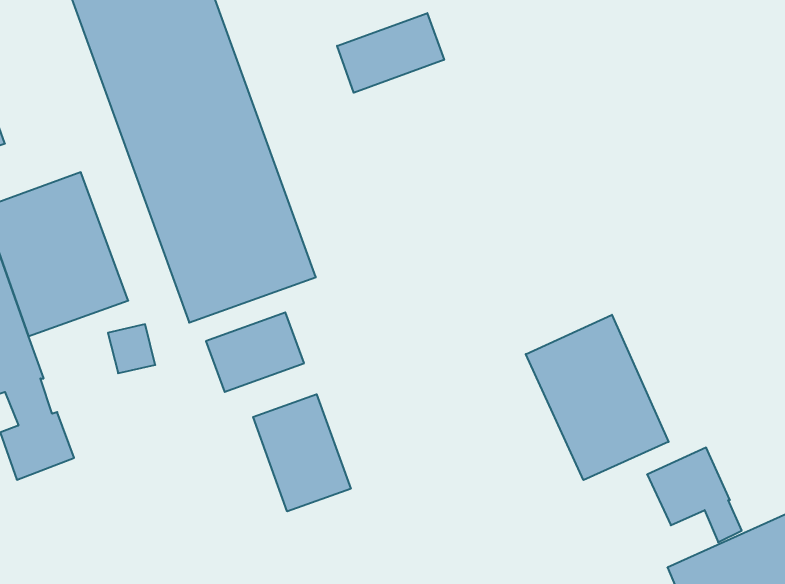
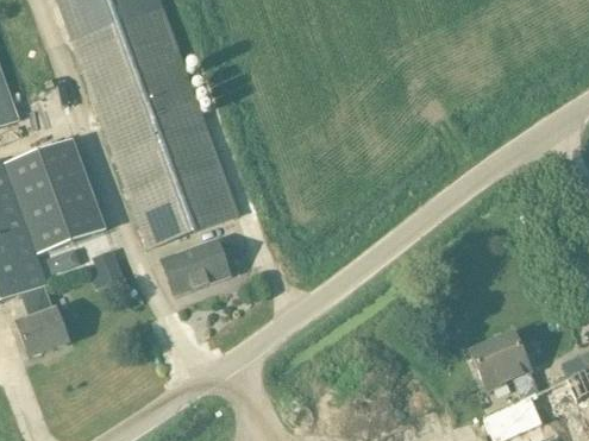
building: [337,13,444,93] -> none
building: [526,315,669,480] -> none
building: [253,394,351,511] -> none

